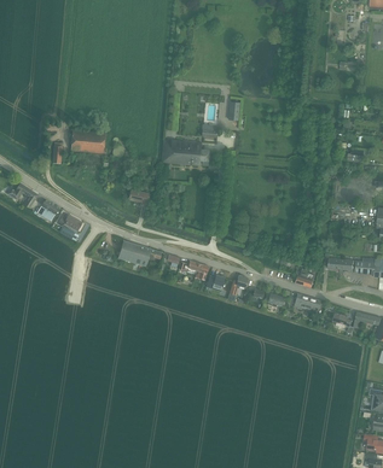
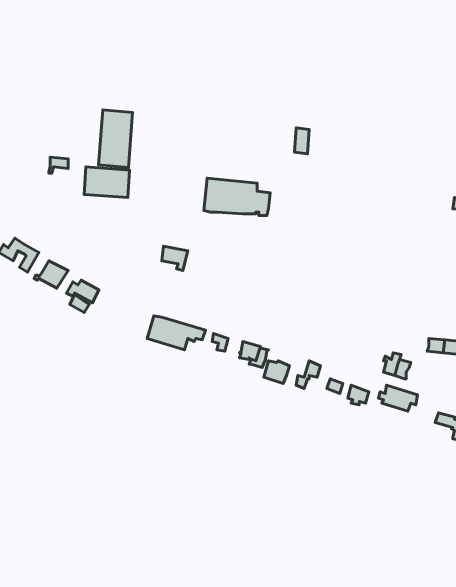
building: none -> [99,110,132,167]

